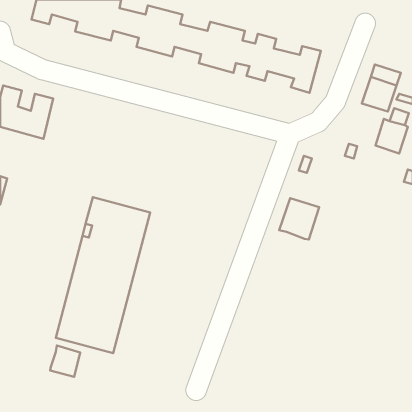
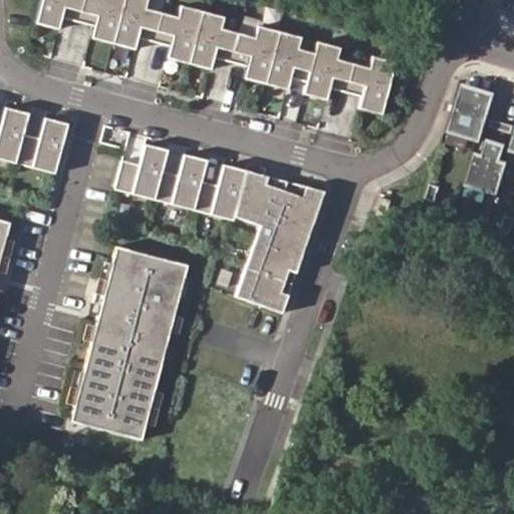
building: none -> [114,143,322,310]
building: [279,198,319,240] -> none
building: [50,346,80,377] -> none

